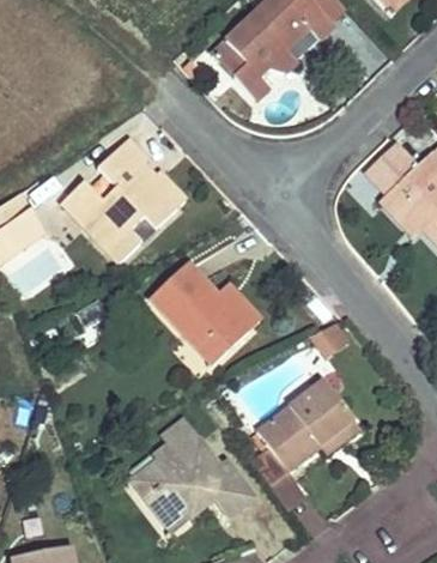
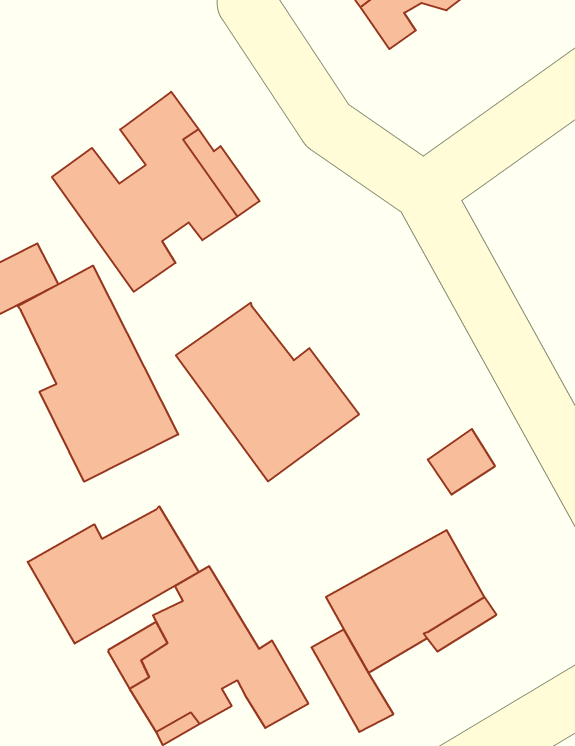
building: none -> [18,266,178,482]
building: none -> [28,506,199,644]

